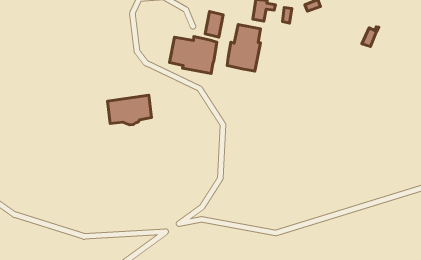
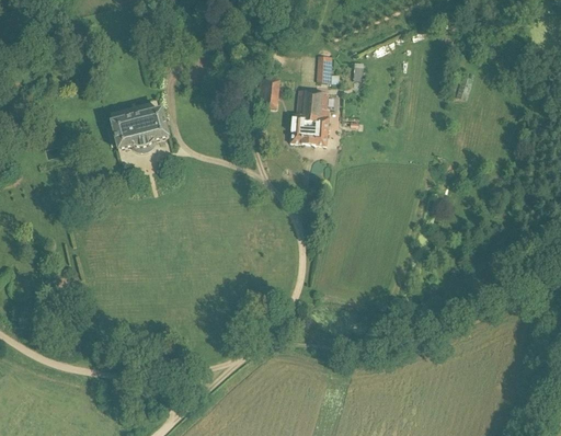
building: [170,37,217,73] -> none
building: [107,95,151,125] -> [112,108,169,149]

